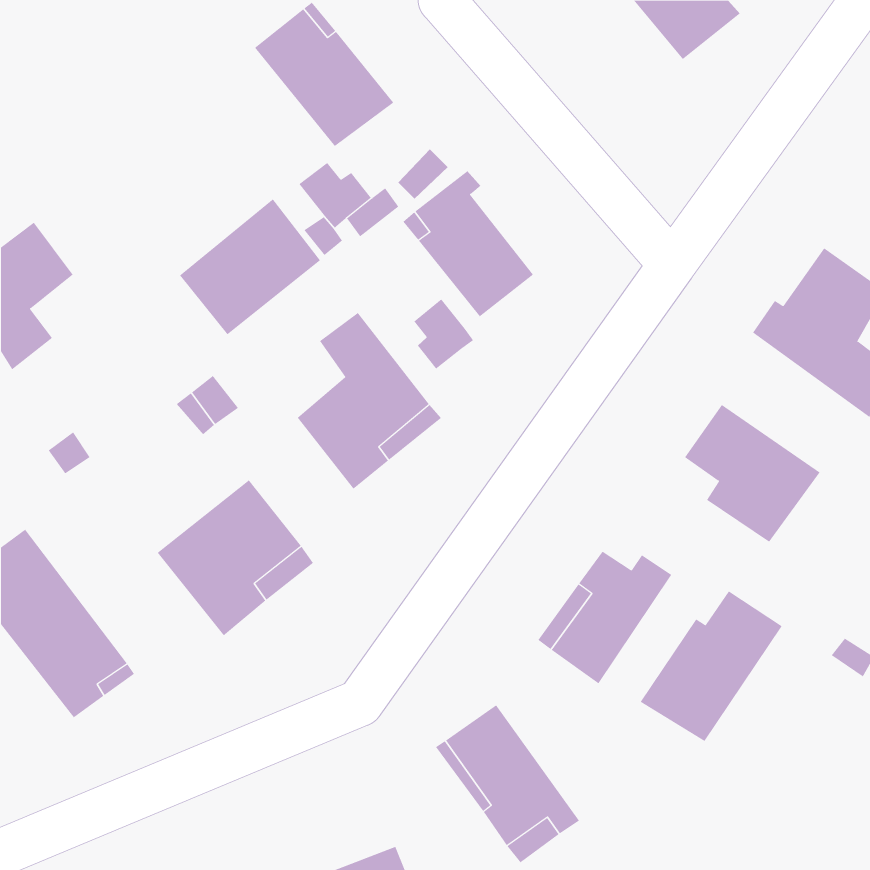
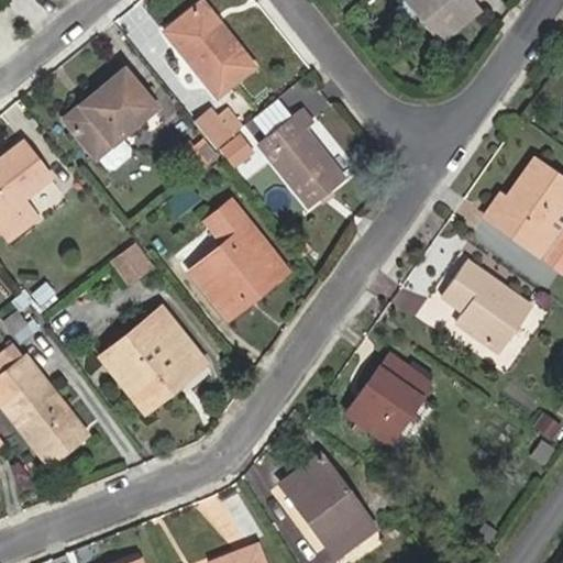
building: [179,199,321,335] -> [65,69,156,157]
building: [414,298,474,370] -> none
building: [640,591,782,742] -> none

